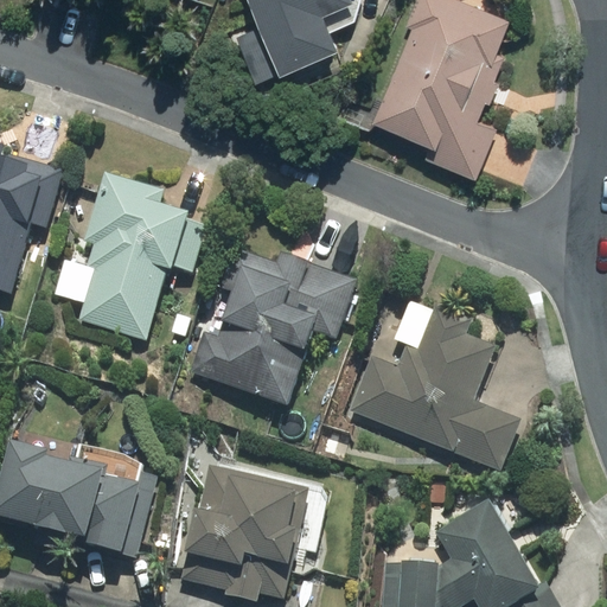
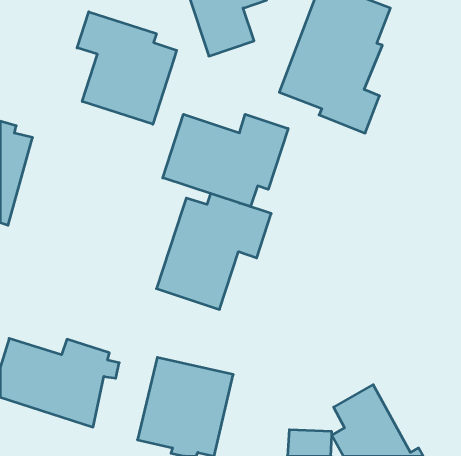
building: none -> [77,12,177,124]
building: none -> [163,114,288,207]
building: [53,172,190,340] -> none
building: [346,286,523,469] -> none

